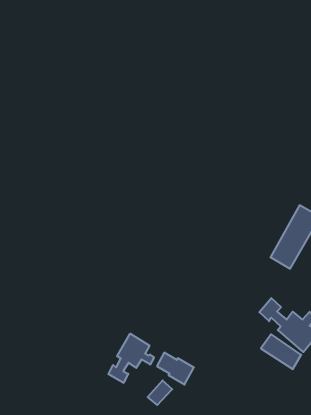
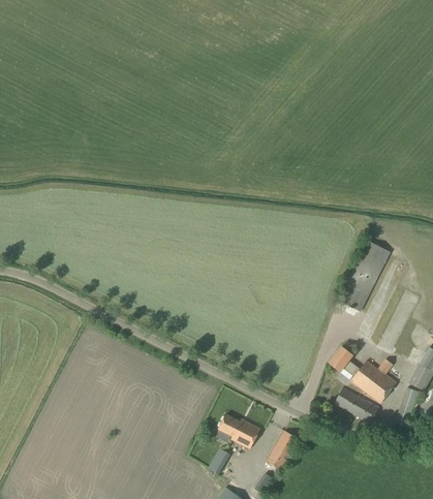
building: [108,334,154,383] -> none
building: none -> [266,431,299,470]

